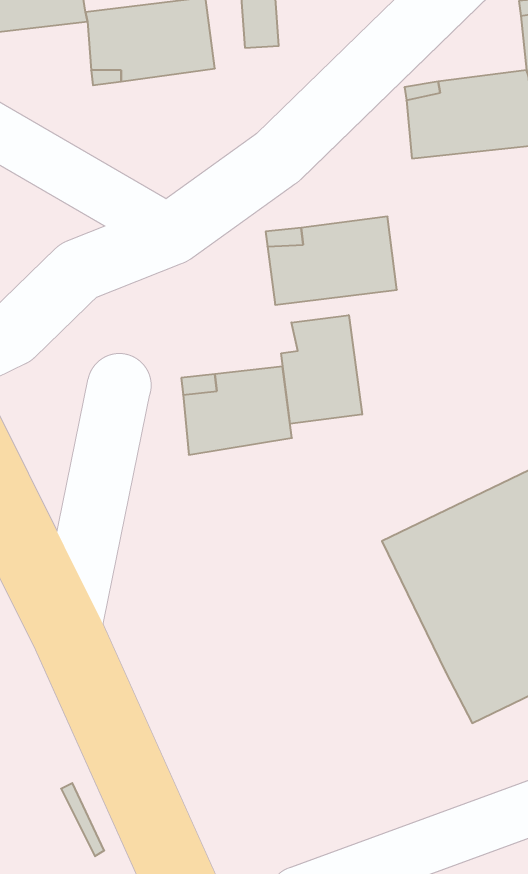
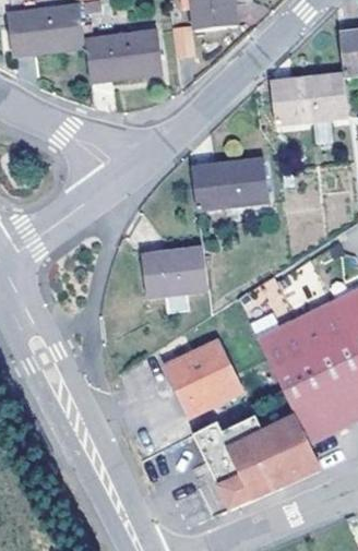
building: [281,315,362,424] -> none
building: none -> [170,348,241,422]
building: none -> [194,421,321,516]

